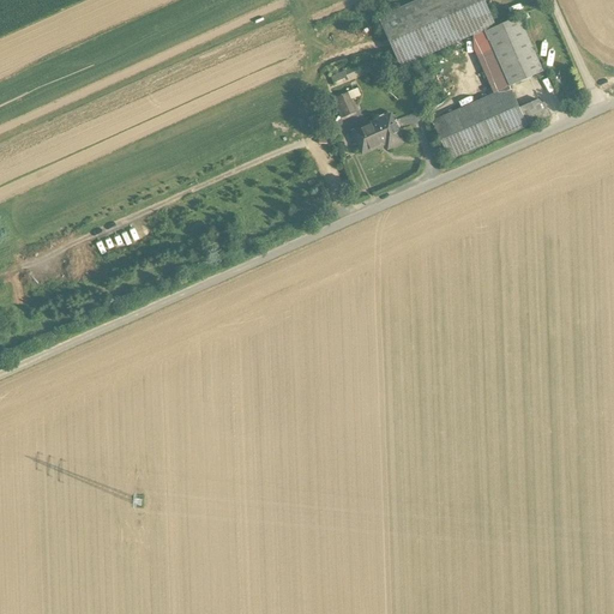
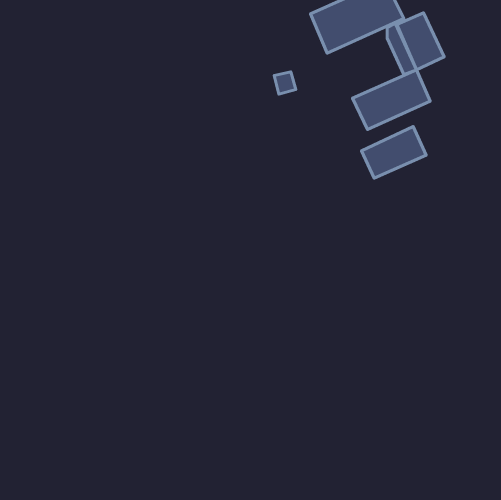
building: [351,113,402,152] -> none
building: none -> [361,126,426,178]

